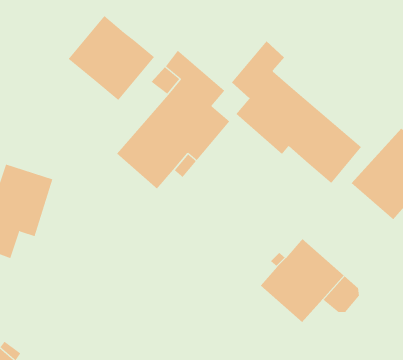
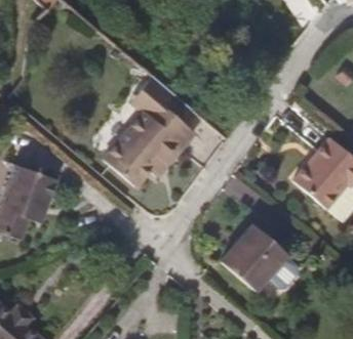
building: [68,15,155,101] -> none
building: [231,41,362,184] -> none

